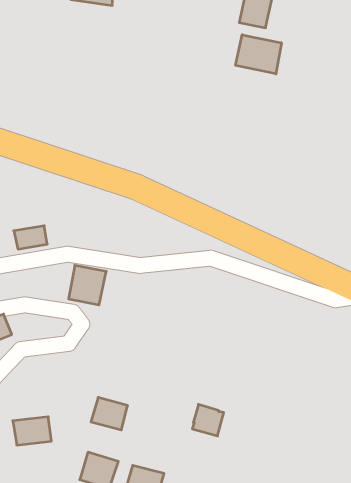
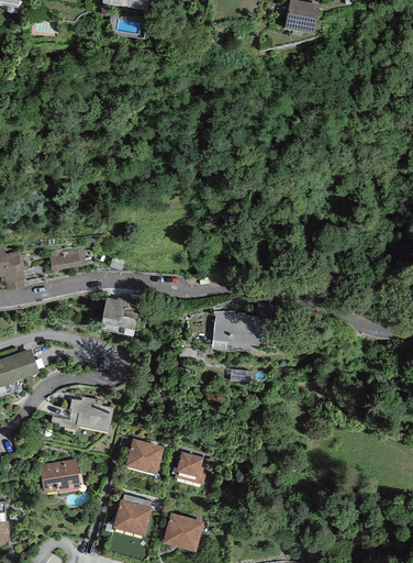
building: [236,35,281,74] -> none
building: none -> [211,311,278,349]
building: none -> [69,397,113,430]
building: [192,404,224,436] -> [175,451,209,485]

